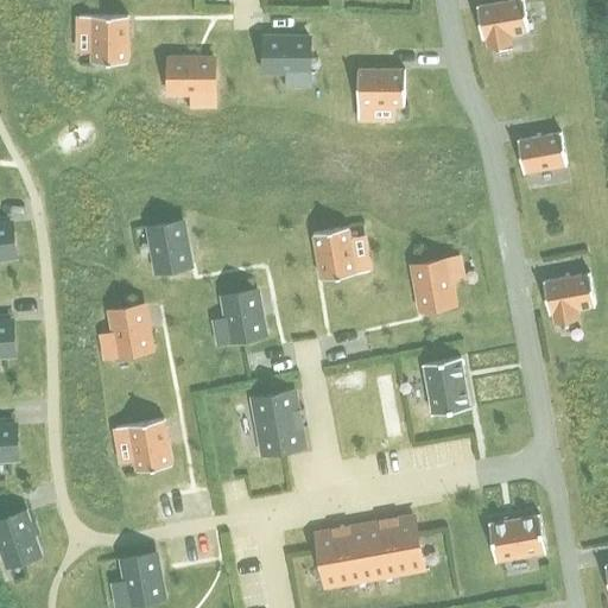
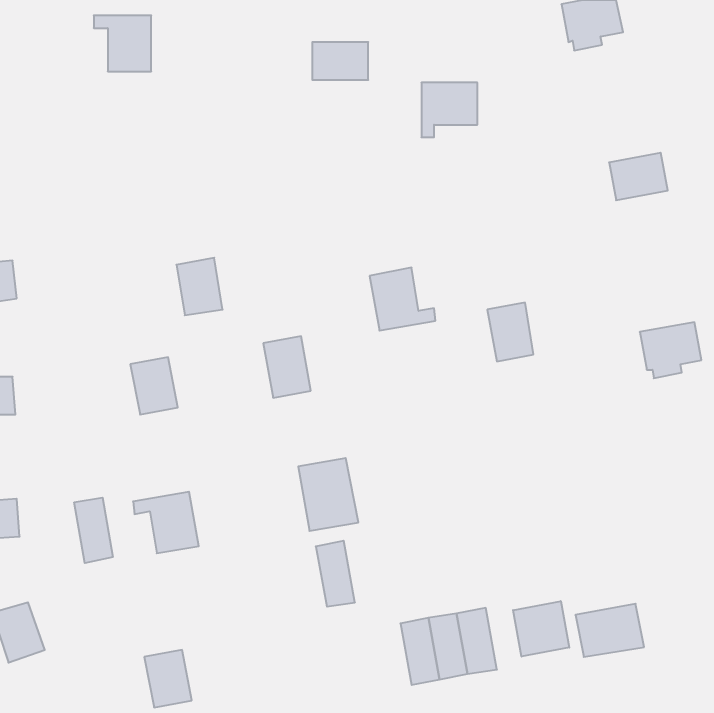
building: [170,59,217,91] -> none
building: [423,356,469,414] -> none
building: none -> [74,498,113,563]
building: none -> [513,601,569,657]
building: [316,531,349,587] -> [316,541,355,607]

